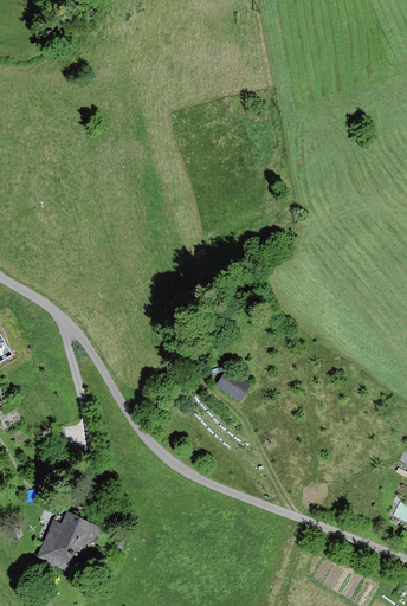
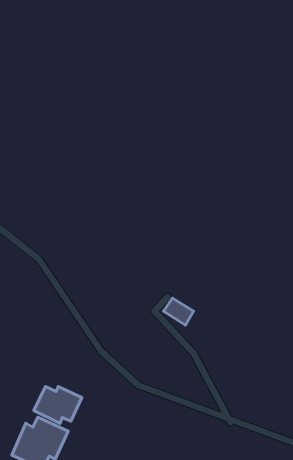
building: none -> [34,386,82,424]

